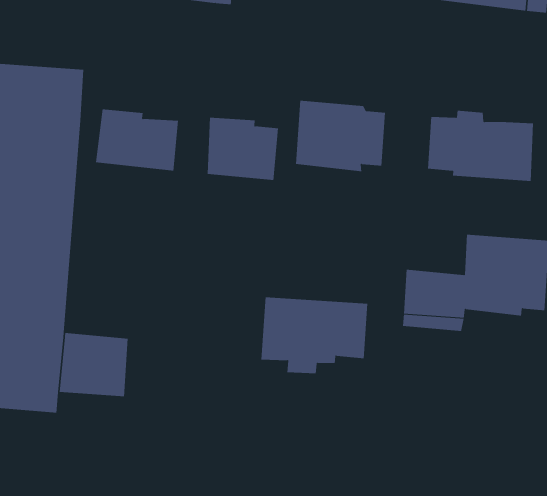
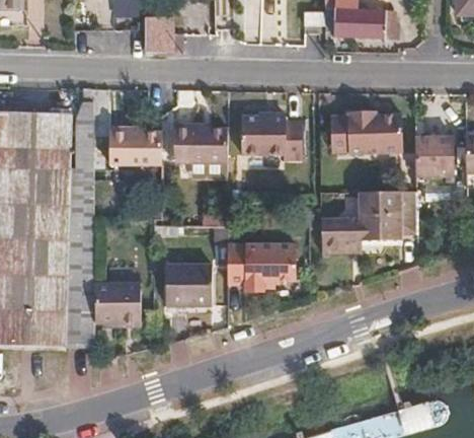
building: none -> [165,262,210,316]

